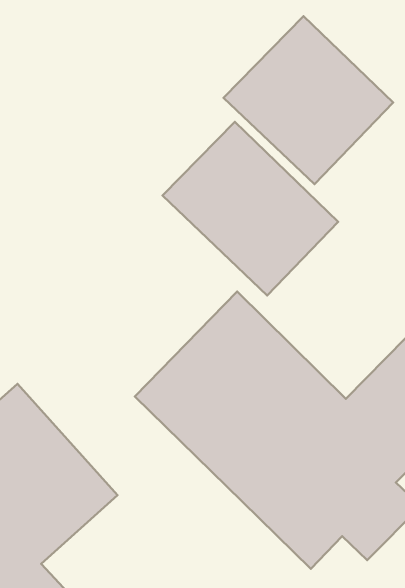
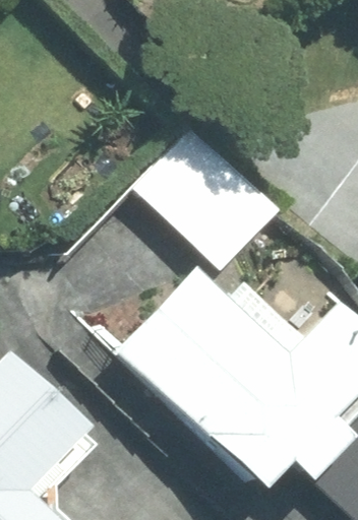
building: [224,16,393,184] -> none

